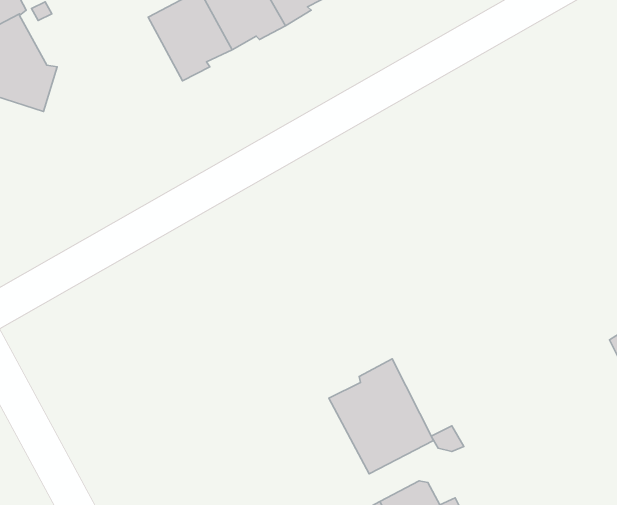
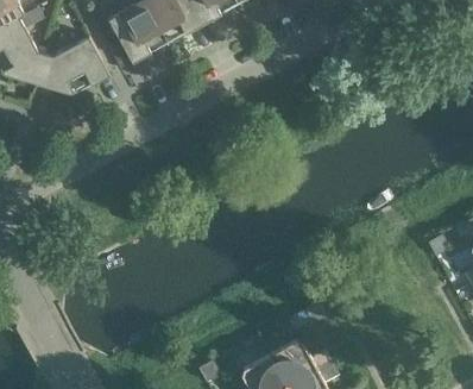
building: none -> [36,34,109,92]
building: [329,359,433,474] -> none

